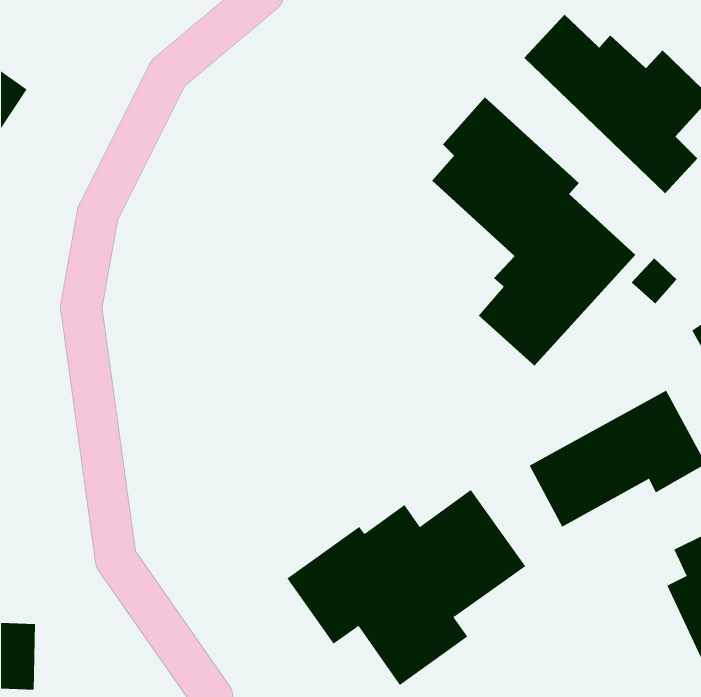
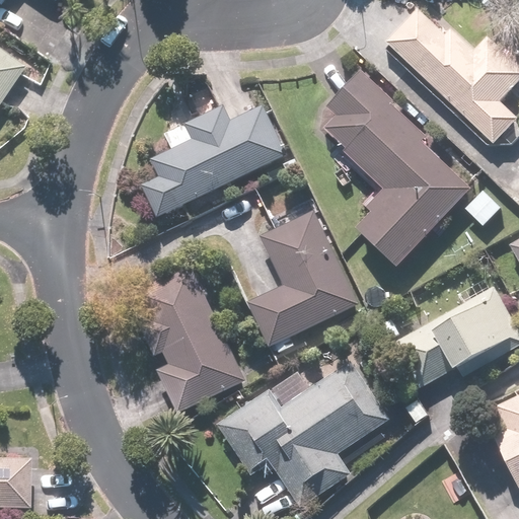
building: none -> [142,103,287,217]
building: none -> [248,209,358,347]
building: none -> [136,265,245,414]

